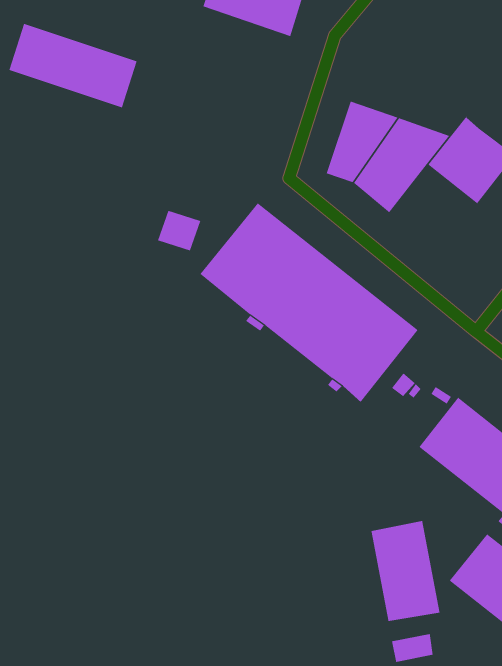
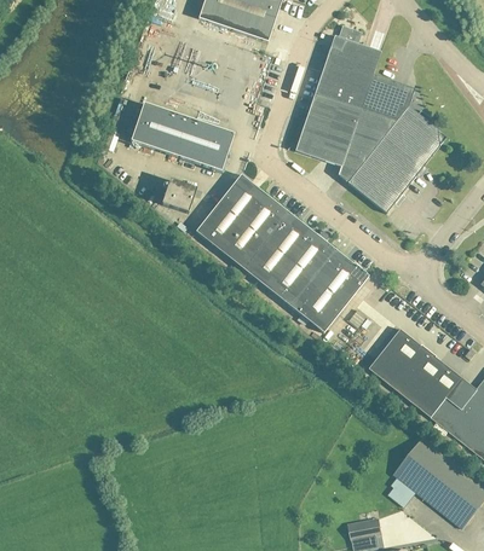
building: none -> [315,24,414,120]
building: [8,23,138,108] -> [131,103,234,170]
building: none -> [346,143,416,213]
building: [371,520,440,622] -> none

